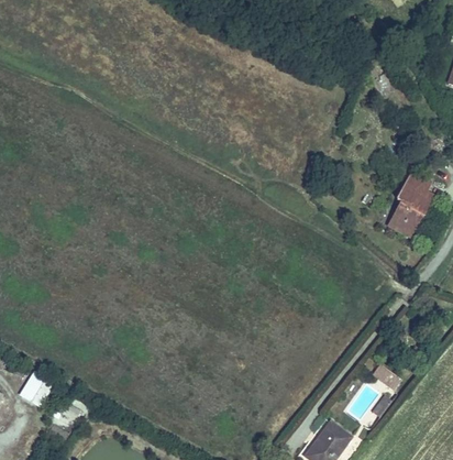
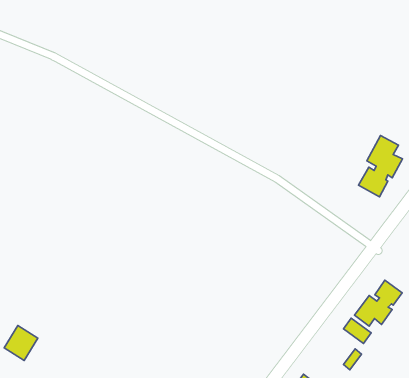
building: none -> [354,280,402,326]

